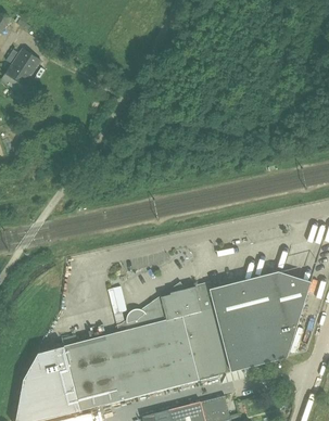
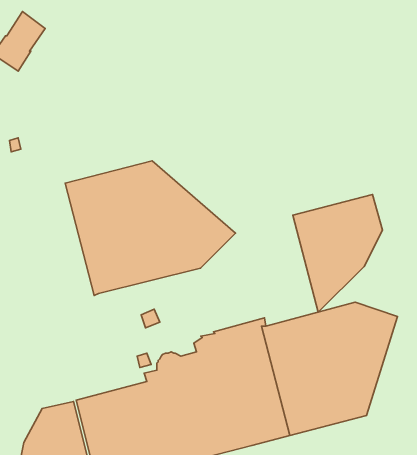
building: none -> [65,161,235,296]
building: none -> [293,194,383,312]

